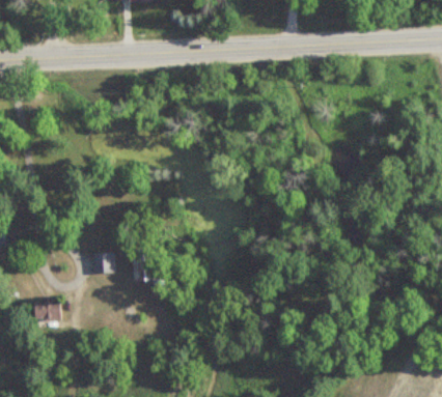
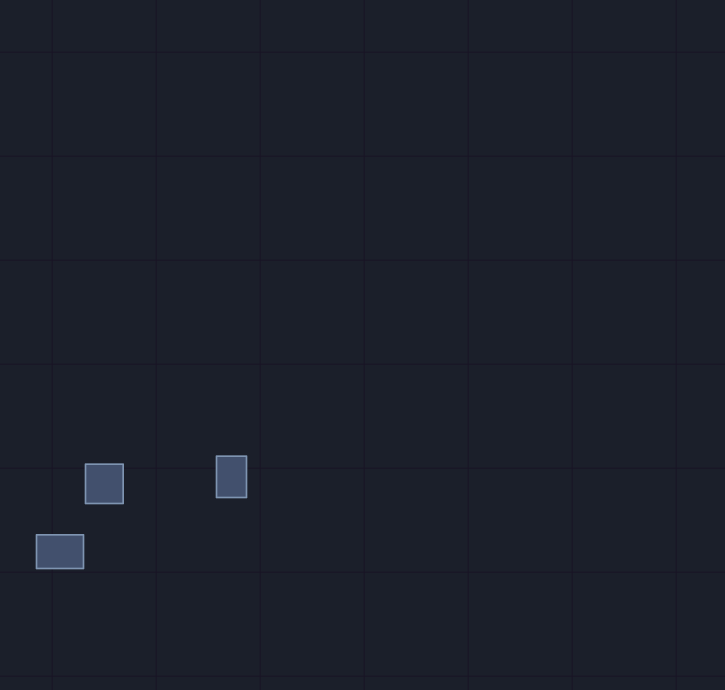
building: [93,253,114,275] -> [86,464,123,504]

